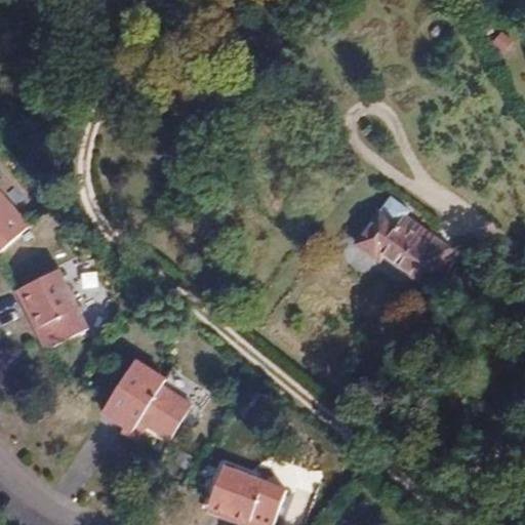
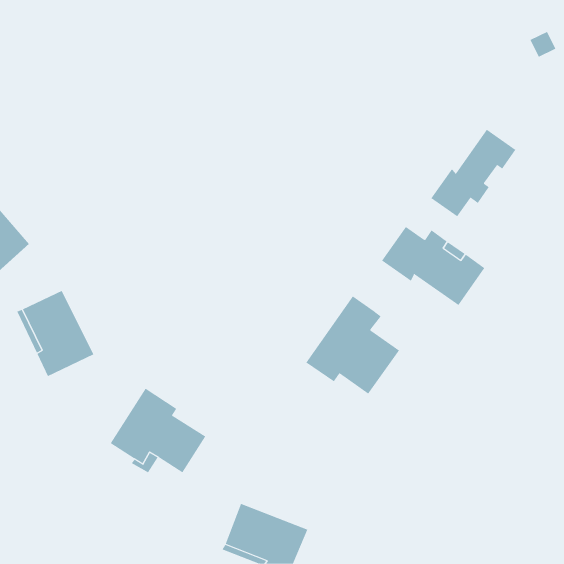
building: none -> [431,129,516,217]
building: none -> [305,295,400,395]

